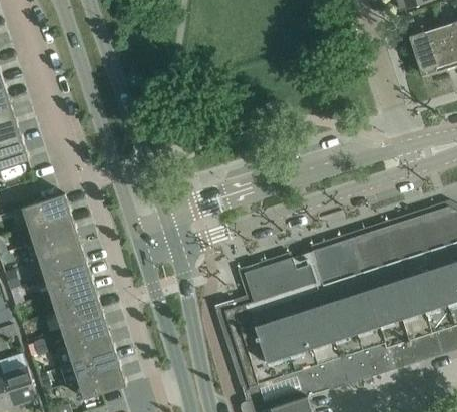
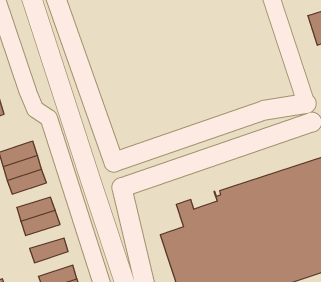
building: [38,246,86,277] -> none
building: [55,298,103,328] -> none
building: [66,332,114,363] -> none

